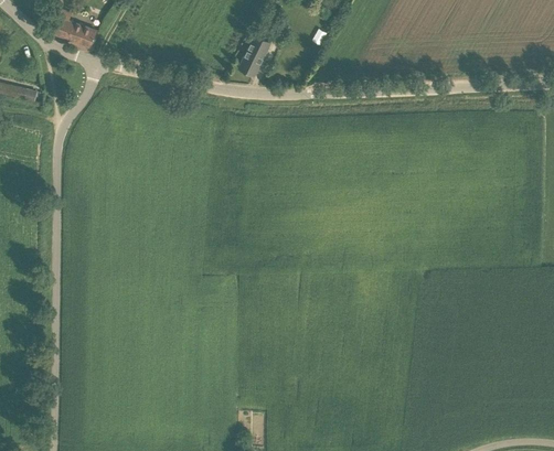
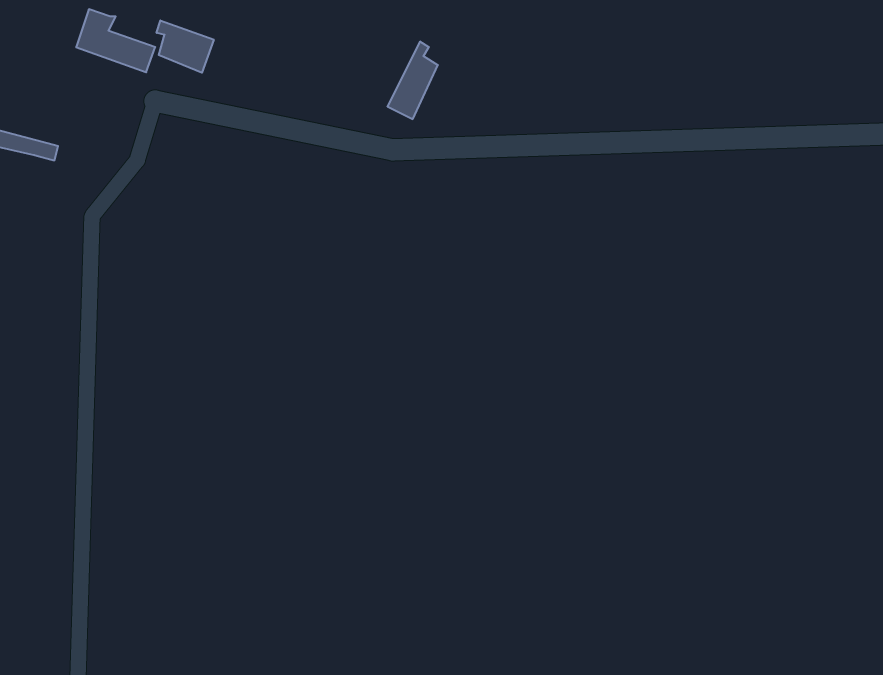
building: none -> [157,20,214,73]

